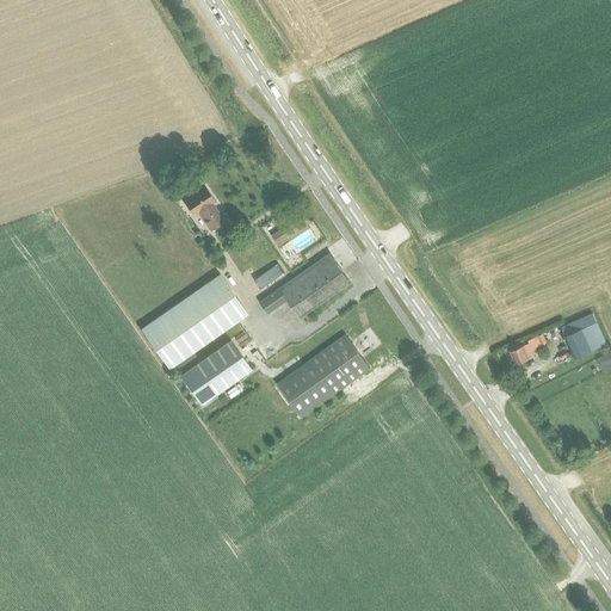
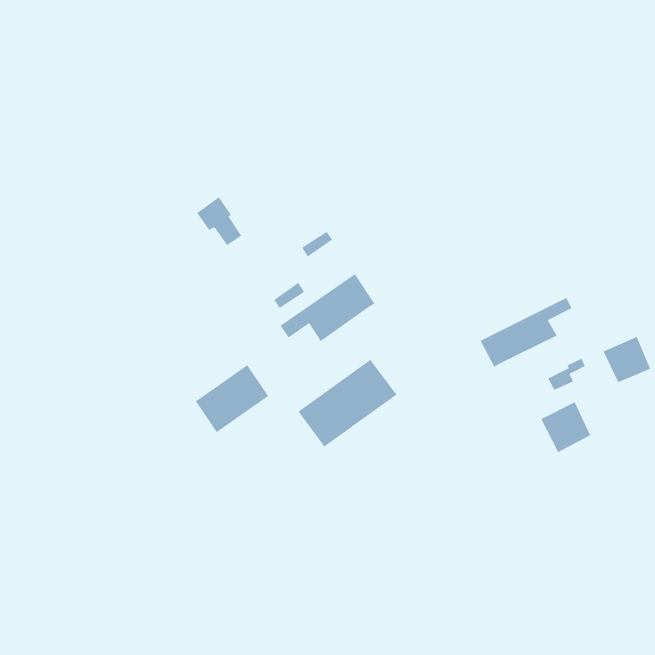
building: [141,273,247,369] -> none
building: none -> [479,297,573,368]
building: none -> [540,401,591,453]

